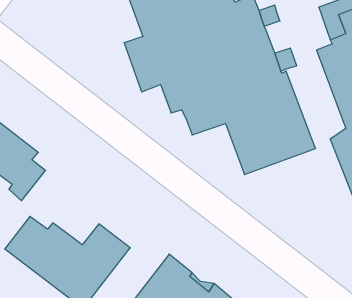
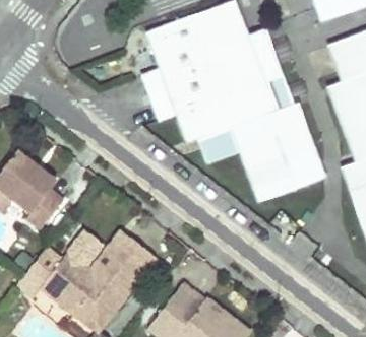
building: none -> [90,228,160,274]

